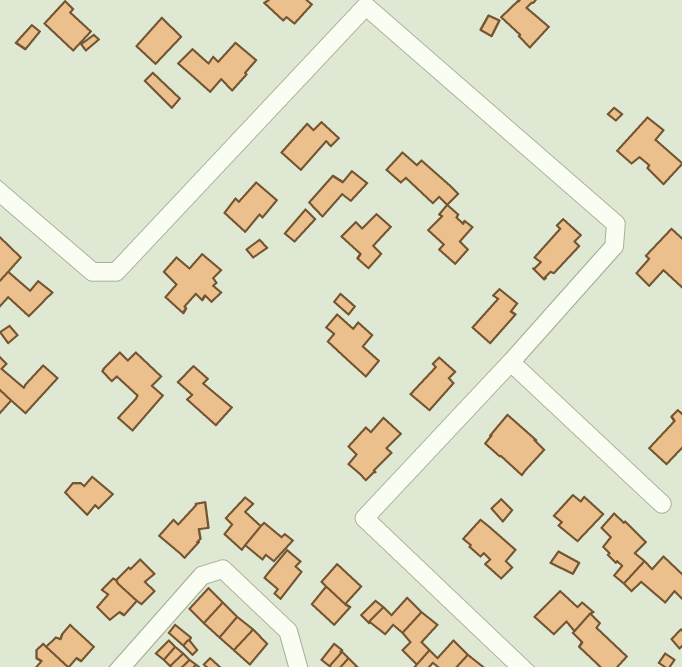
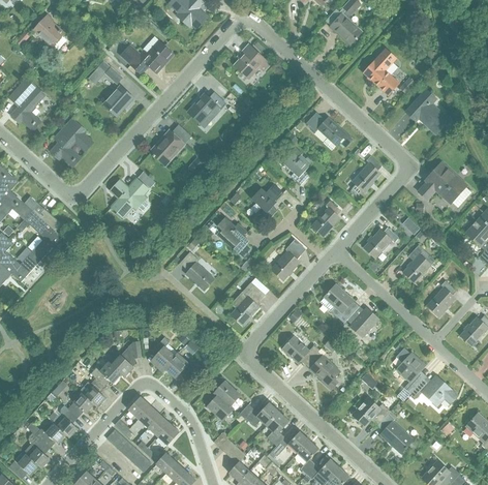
building: [136,18,181,64] -> [102,85,131,115]
building: none -> [234,44,268,77]
building: none -> [363,49,398,94]
building: none -> [8,78,43,129]
building: [387,152,458,205] -> [305,112,352,146]
building: none -> [51,119,91,162]
building: [309,171,367,216] -> none
building: [341,214,391,268] -> [250,183,282,218]
building: none -> [363,226,397,256]
building: [102,353,163,430] -> [22,208,61,259]
building: none -> [401,244,434,282]
building: [178,366,232,425] -> [179,251,214,290]
building: [65,477,113,515] -> [90,361,121,386]
building: [554,495,603,541] -> [345,305,377,335]
building: none -> [281,335,318,364]
building: [264,550,301,599] -> none
building: none -> [52,404,77,436]

